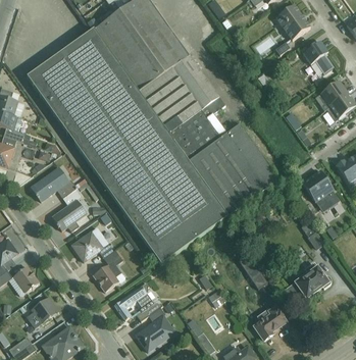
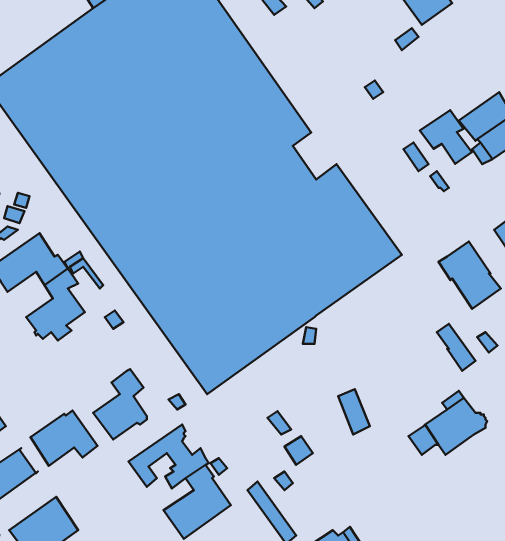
building: [302,40,334,72] -> [420,110,472,164]
building: [71,227,112,261] -> [31,410,98,466]
building: [253,305,285,339] -> none

